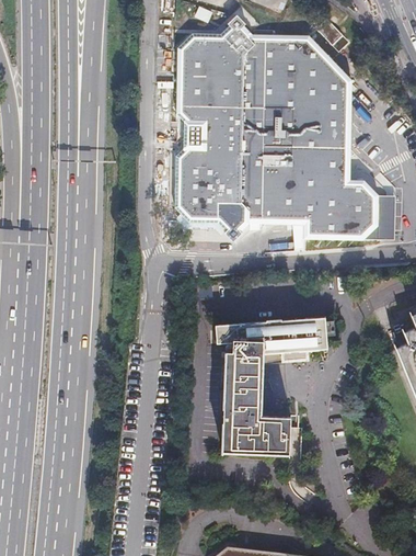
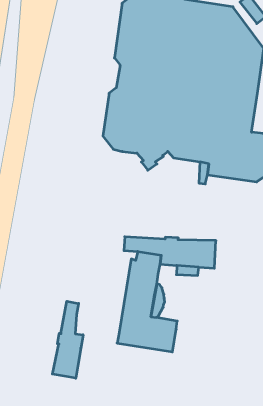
building: none -> [52,301,83,378]

